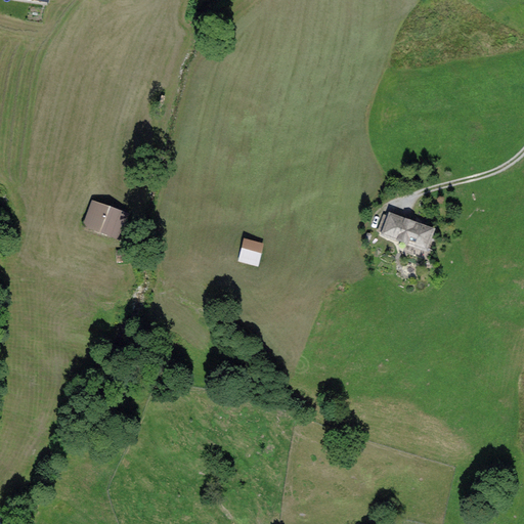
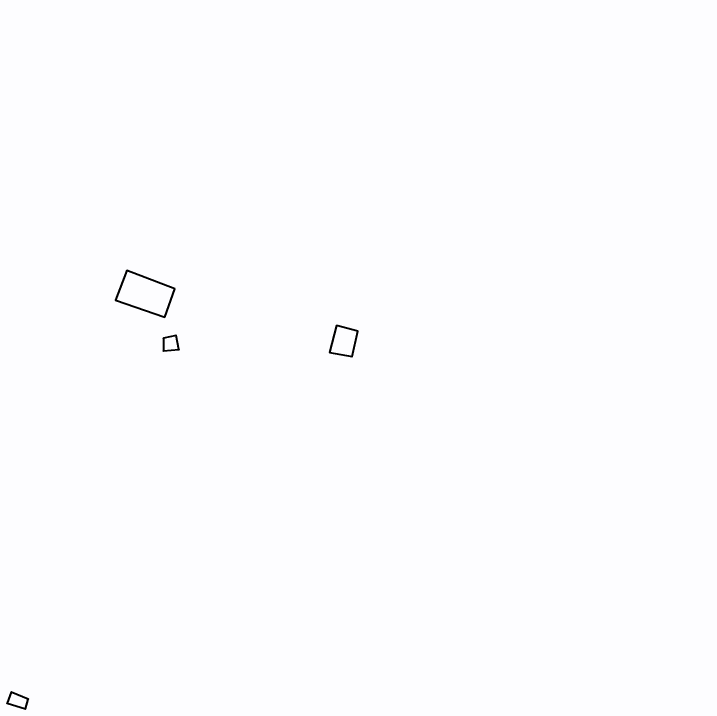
building: [385,216,429,246] -> none

